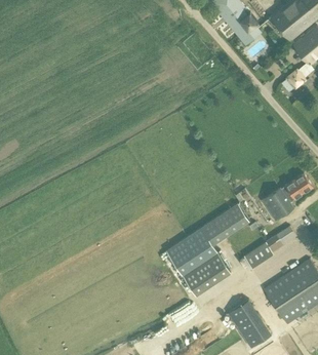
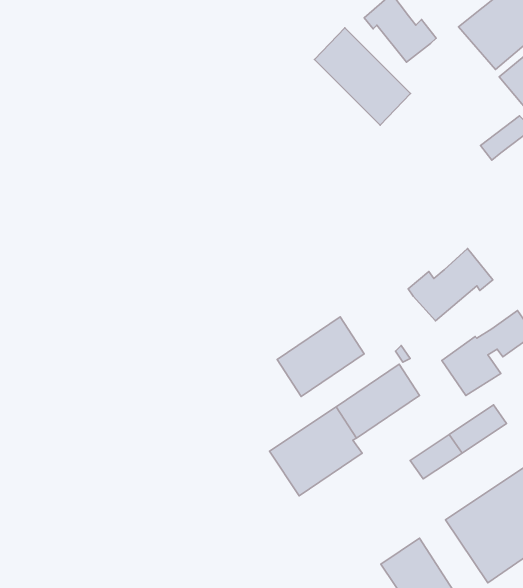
building: none -> [315,28,411,125]
building: none -> [408,248,493,321]
building: [182,252,230,297] -> [277,317,364,396]

